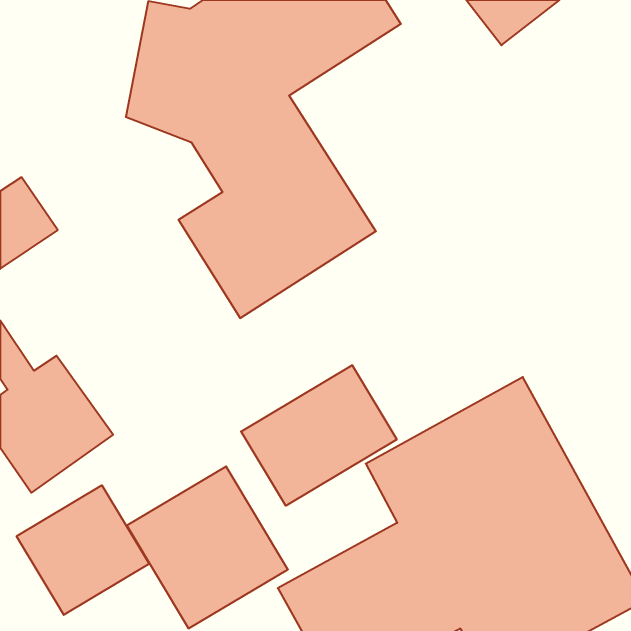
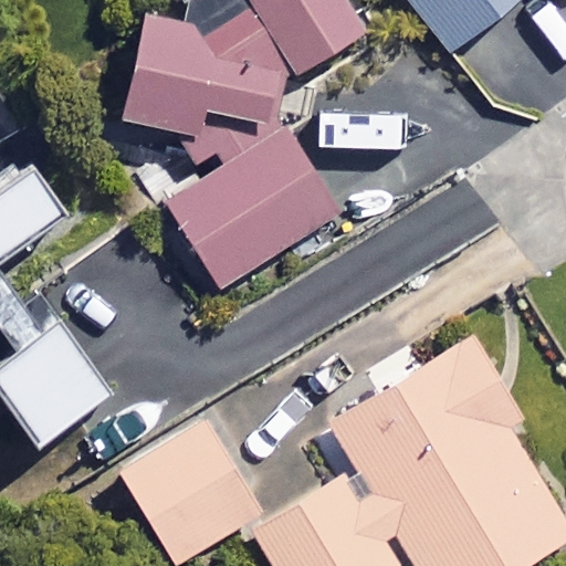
building: [241,365,397,506] -> none
building: [17,485,149,615] -> none

